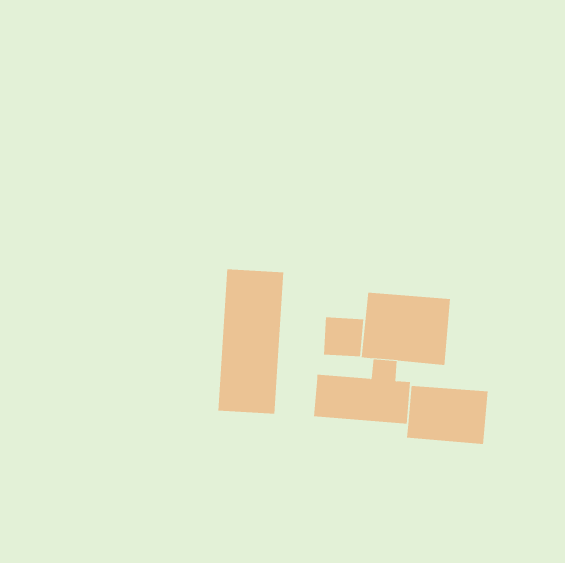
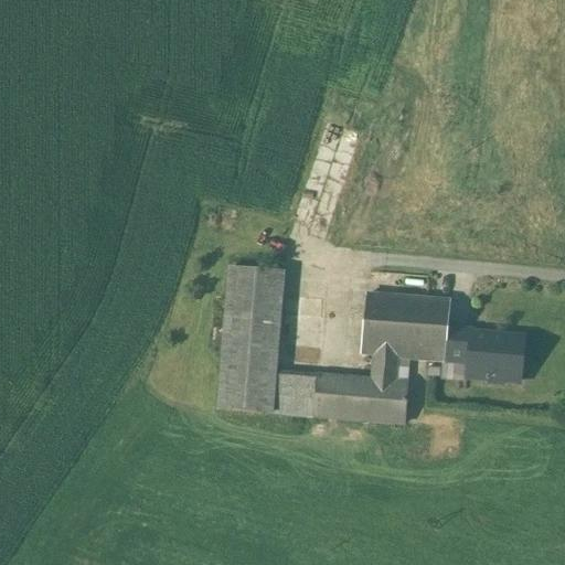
building: [323,317,364,357] -> [276,374,317,414]
building: [406,385,488,444] -> [444,324,525,383]

